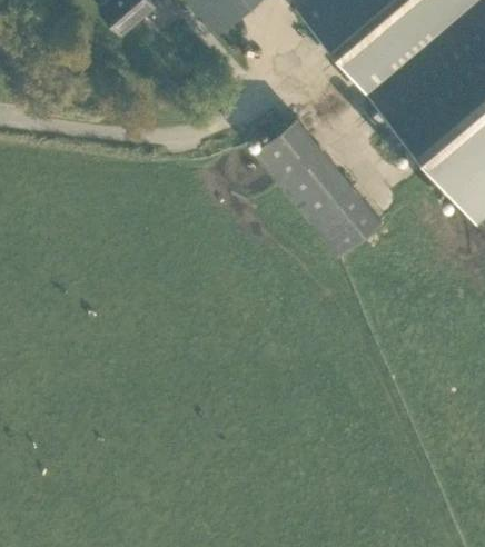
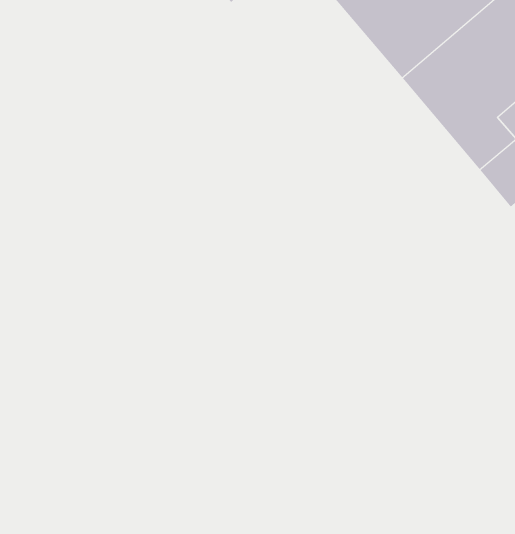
building: [254,118,382,258] -> none

